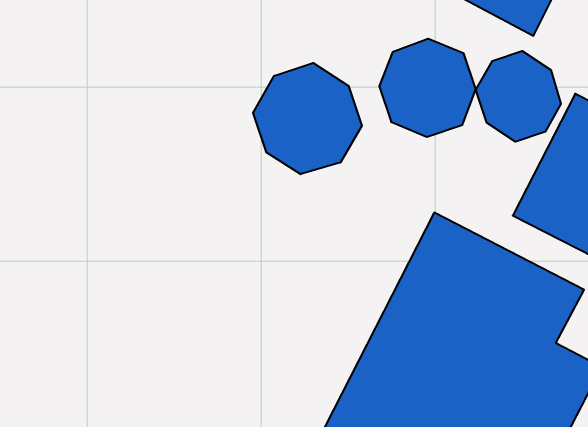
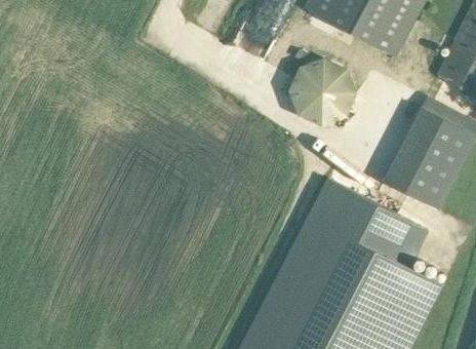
building: [476,51,561,142] -> none
building: [253,63,362,174] -> none

